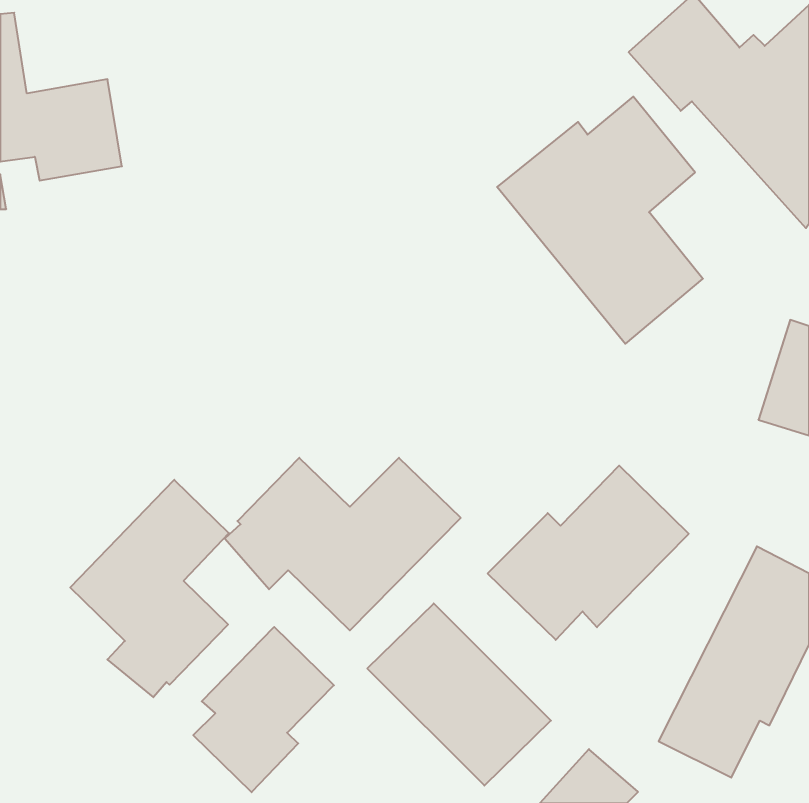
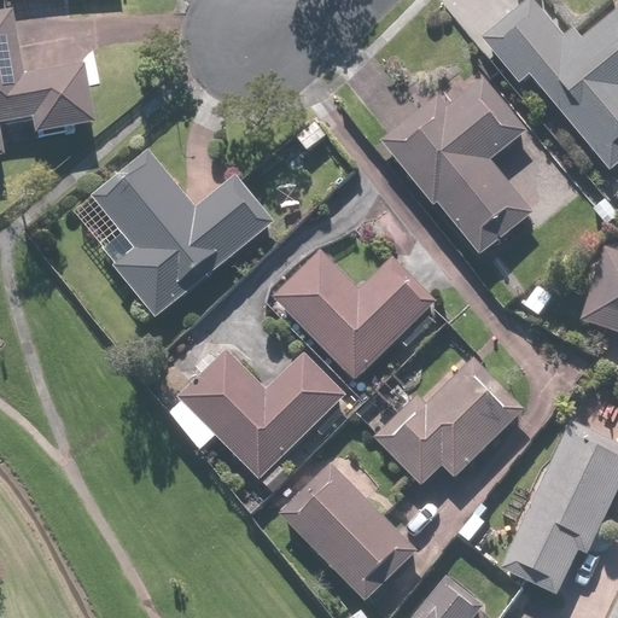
building: none -> [75,151,279,321]
building: none -> [275,249,436,378]
building: [70,480,229,697] -> none
building: [193,627,334,792] -> none

